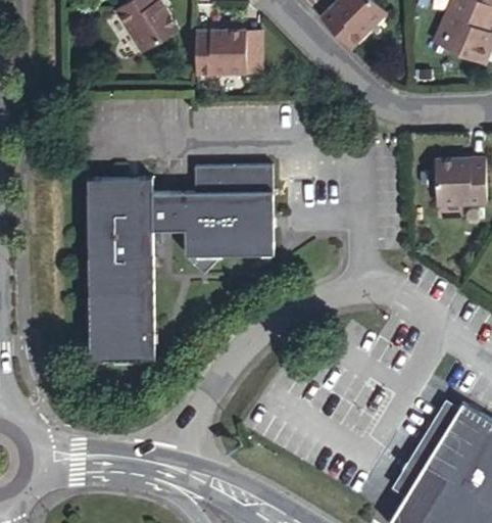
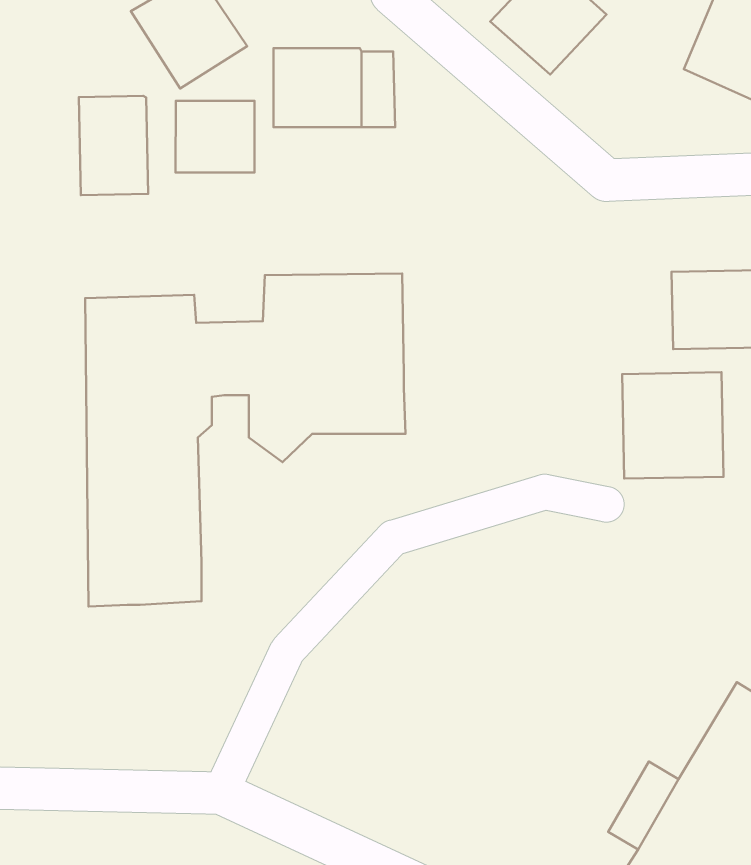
building: none -> [79,96,148,195]
building: none -> [176,101,255,172]
building: none -> [622,372,724,479]

